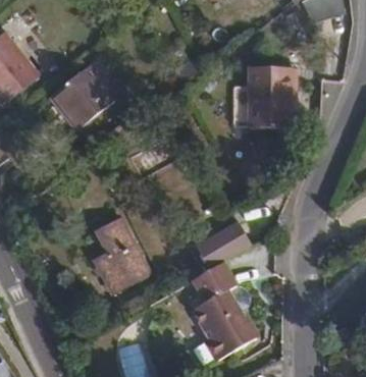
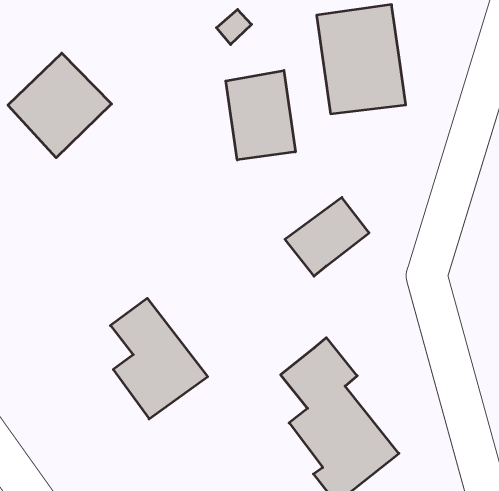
building: none -> [226,70,295,160]
building: [201,220,252,265] -> [285,197,369,276]

